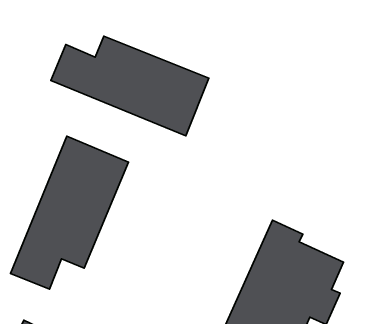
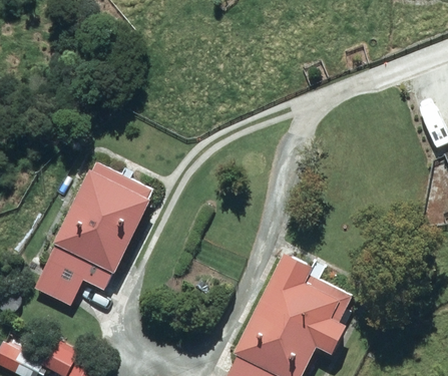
building: [51,36,209,136] -> none

